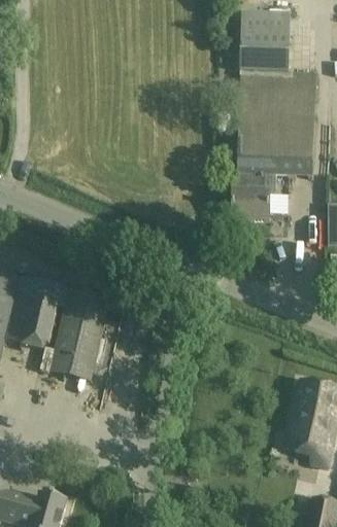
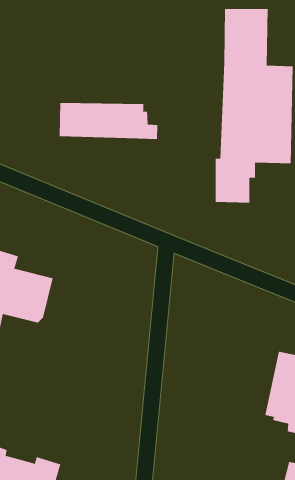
building: none -> [59,102,158,140]
building: [38,287,110,382] -> none

